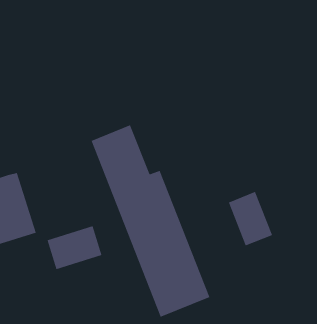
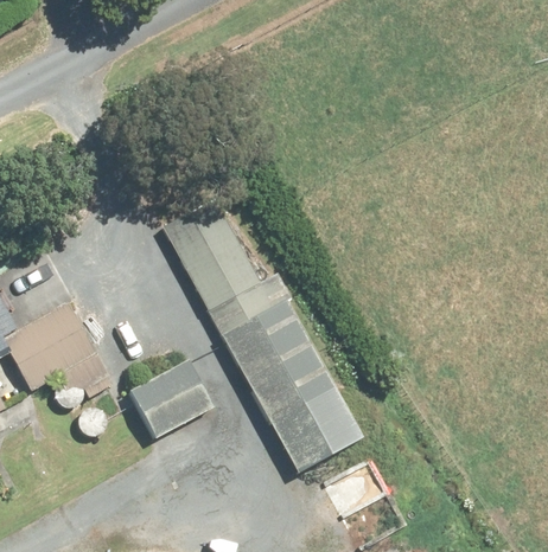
building: [228,191,273,247] -> none

